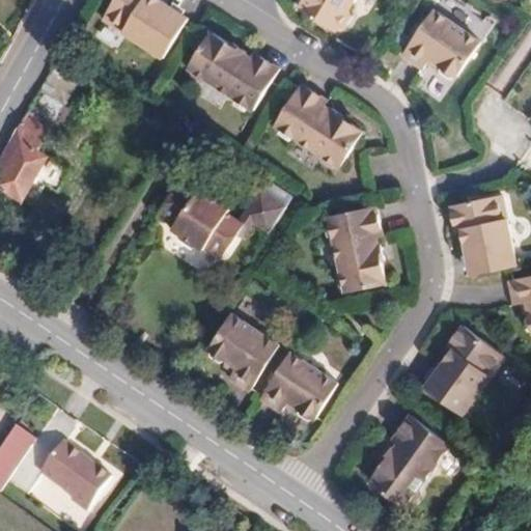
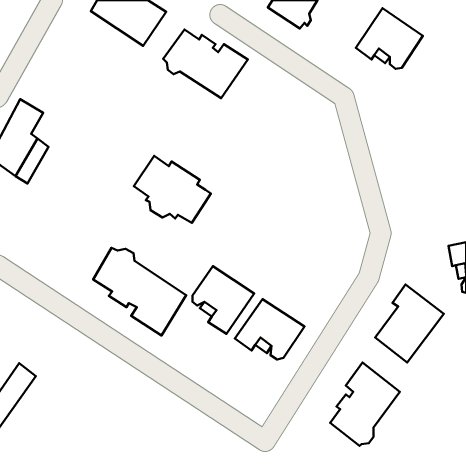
building: [273,84,360,170] -> none
building: [232,185,288,233] -> none
building: [447,194,513,279] -> none
building: [323,205,382,295] -> none
building: none -> [93,248,186,336]
building: [35,441,108,511] -> none

